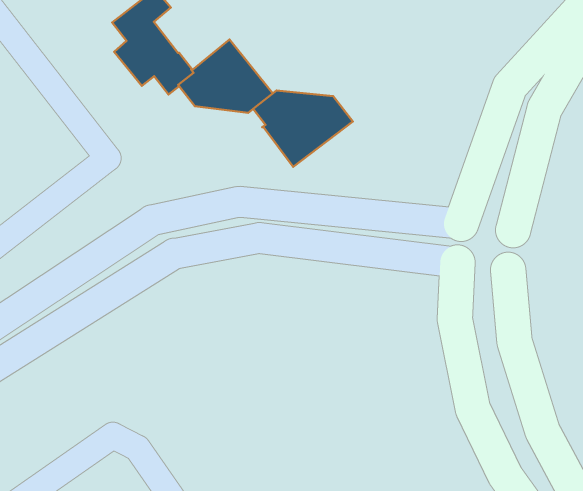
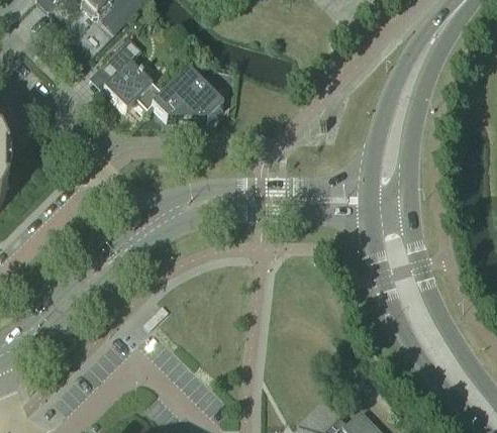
building: [253,91,353,167] -> none

